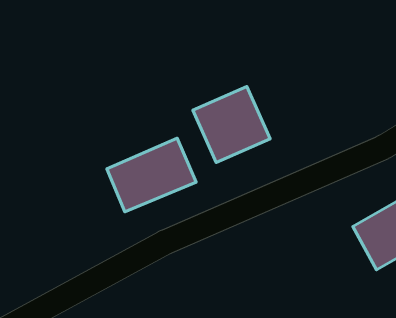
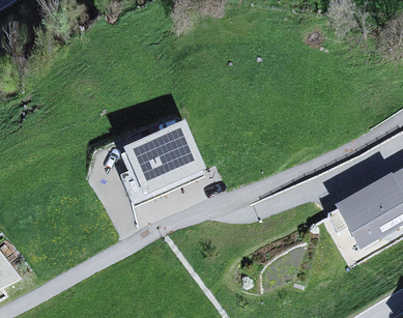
building: [193,87,270,162] -> none

